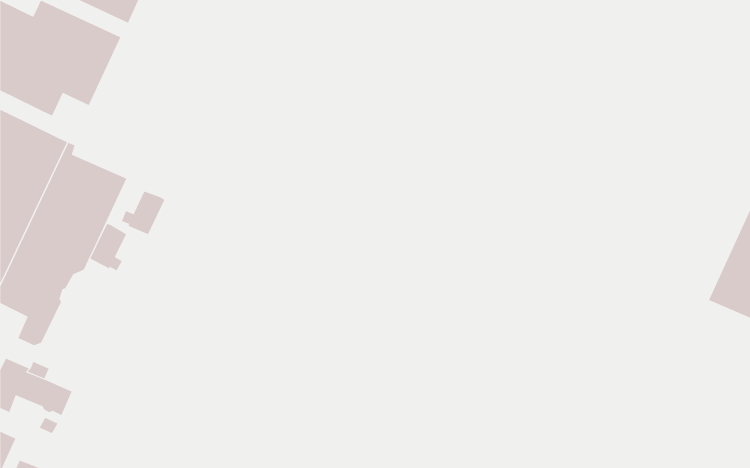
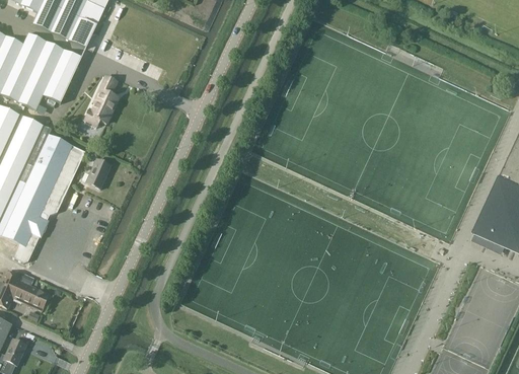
building: none -> [85,76,118,125]
building: [90,223,127,271] -> none

